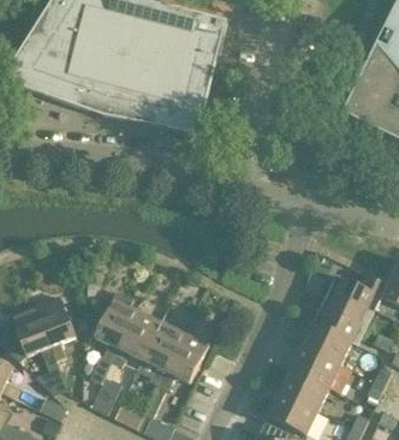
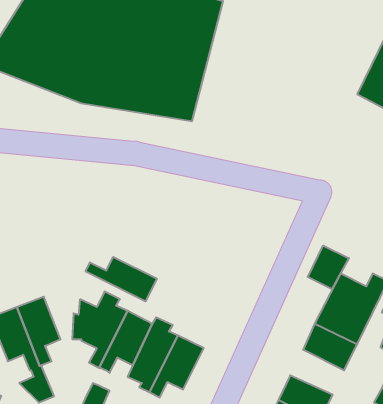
building: none -> [308,246,349,289]
building: none -> [86,257,157,301]
building: [291,345,341,387] -> none

